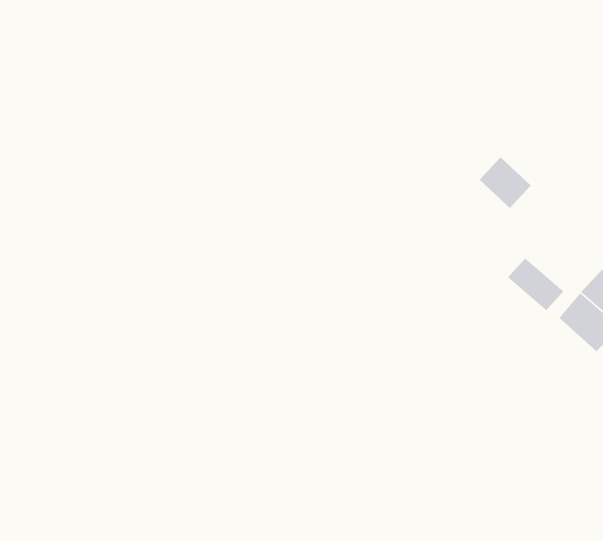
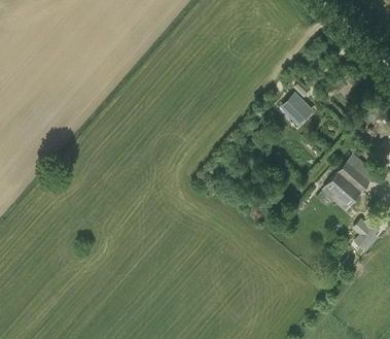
building: [507,257,564,311] -> none

